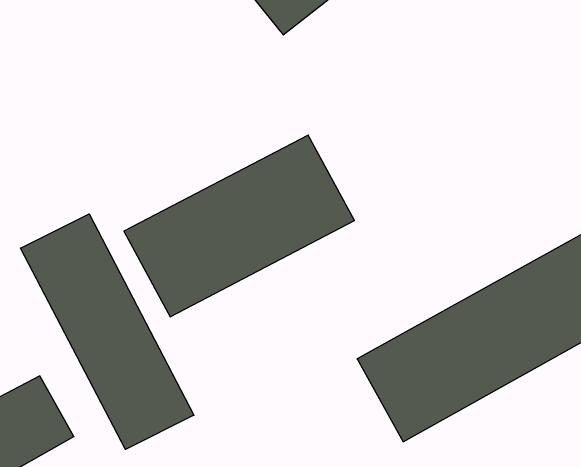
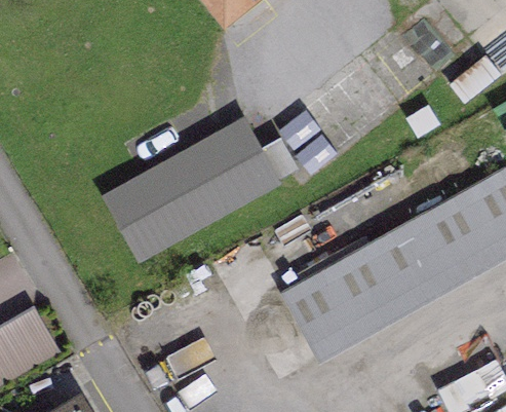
building: [20,214,194,449] -> none

